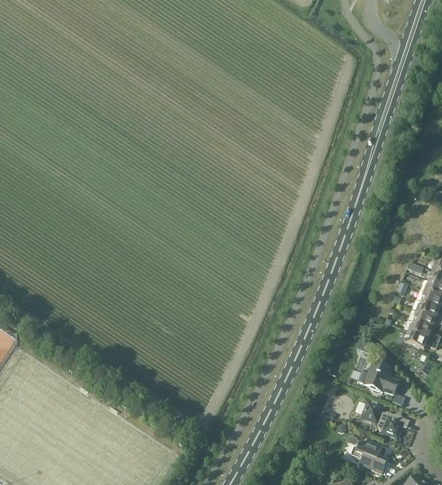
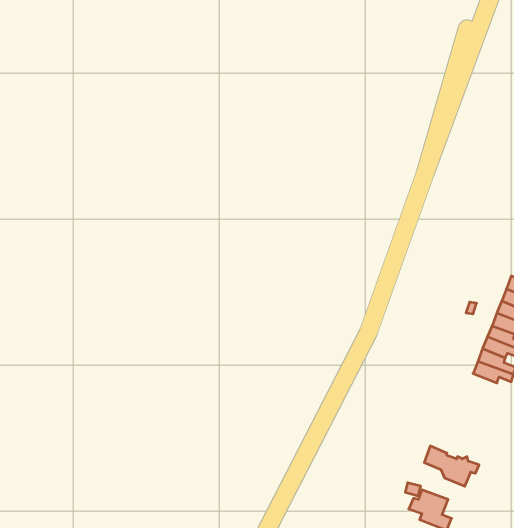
building: [358,363,399,396] -> none

